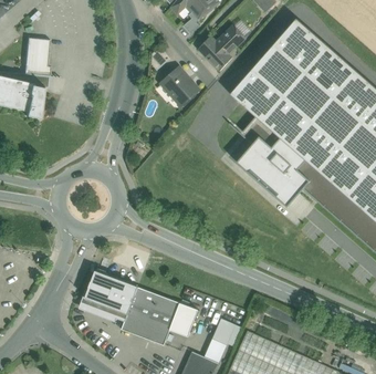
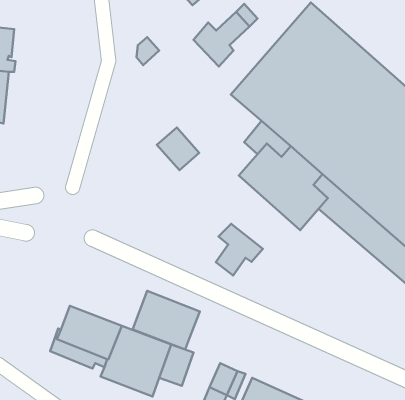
building: [163,70,198,105] -> [157,128,199,170]
building: none -> [216,224,263,276]
building: none -> [133,291,200,350]

